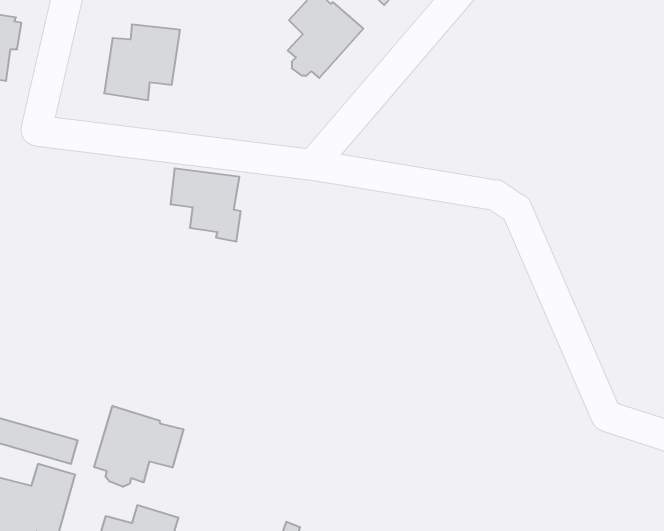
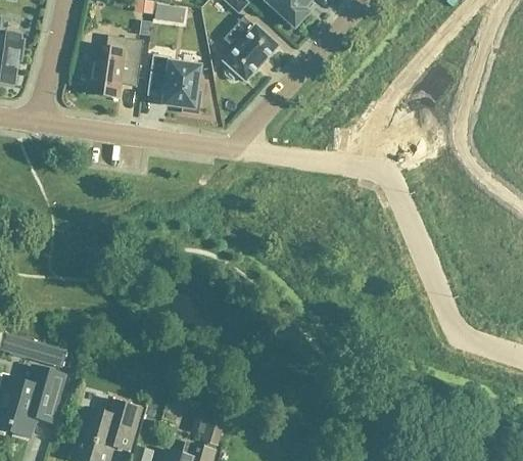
building: [170,168,241,241] -> [149,60,201,114]
building: [94,406,183,487] -> none

